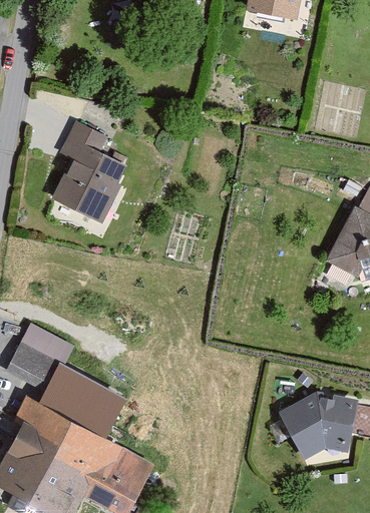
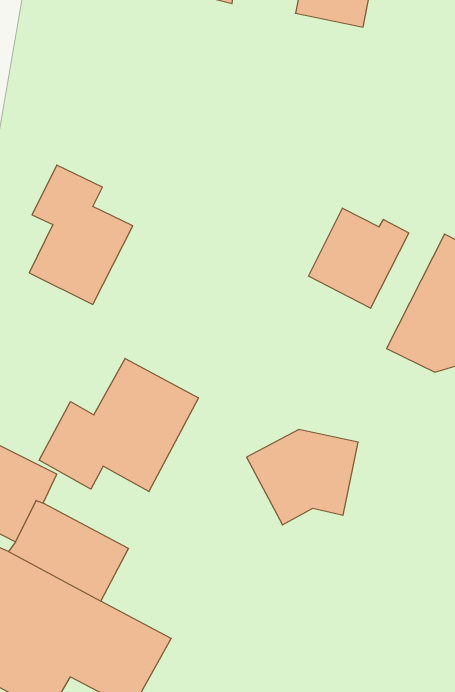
building: none -> [309,208,409,308]
building: none -> [39,358,198,492]
building: [279,393,360,462] -> [247,430,358,525]

